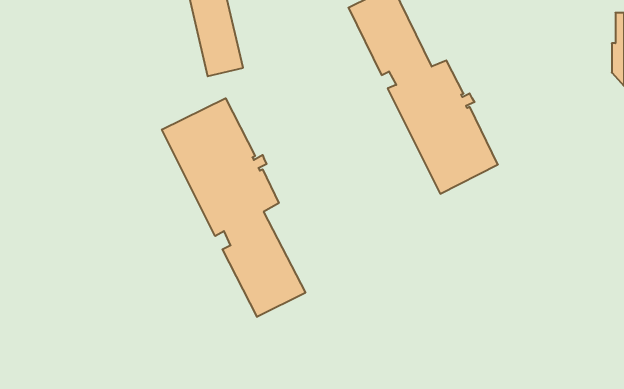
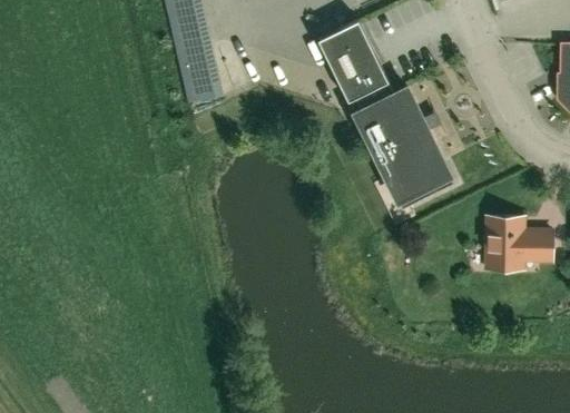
building: [162,98,305,317] -> none
building: none -> [488,216,554,269]

